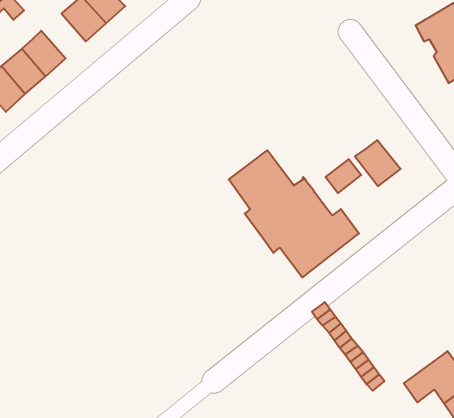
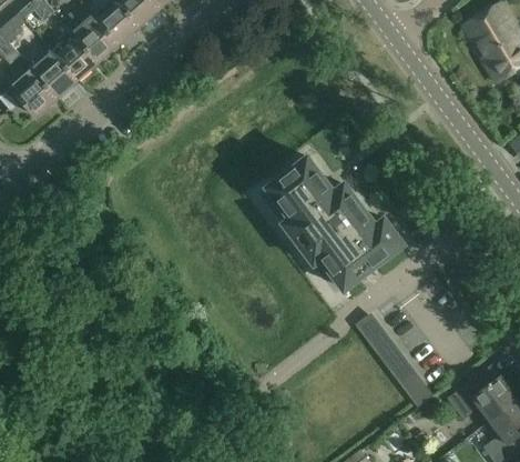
building: none -> [72,9,119,61]
building: [355,140,401,186] -> none
building: [326,159,361,193] -> none

